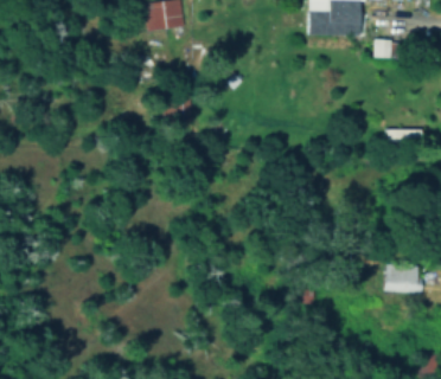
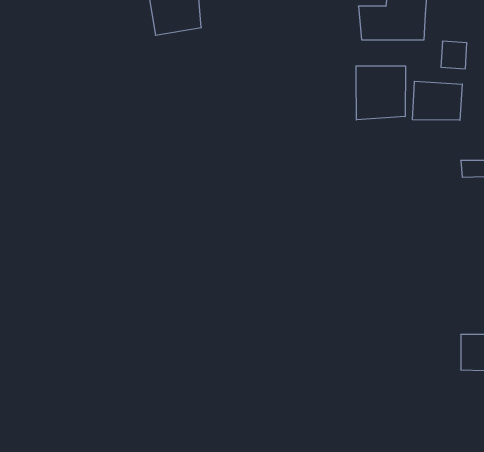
building: none -> [356,66,405,120]
building: none -> [413,81,462,120]

